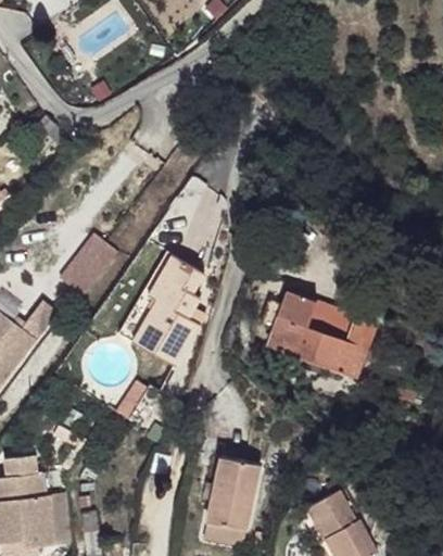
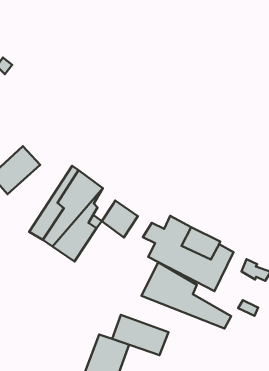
building: none -> [102,201,138,237]
building: none -> [141,262,231,329]
building: none -> [112,315,168,355]

